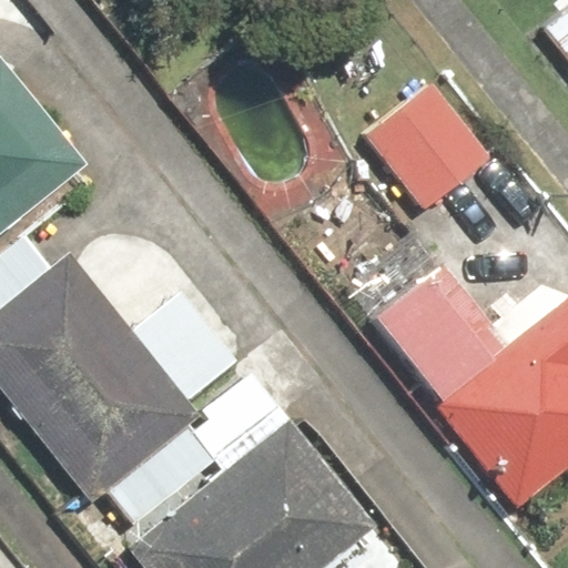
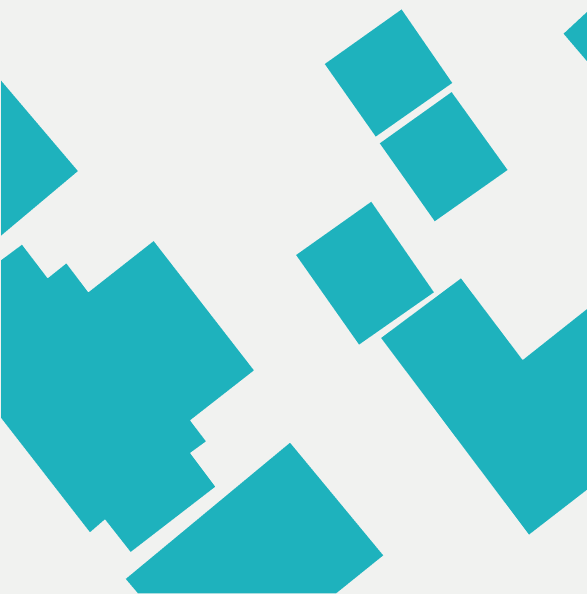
building: none -> [323,8,454,138]
building: none -> [295,201,435,346]

